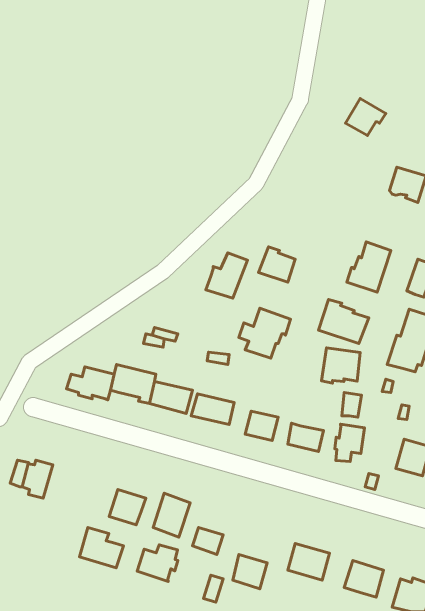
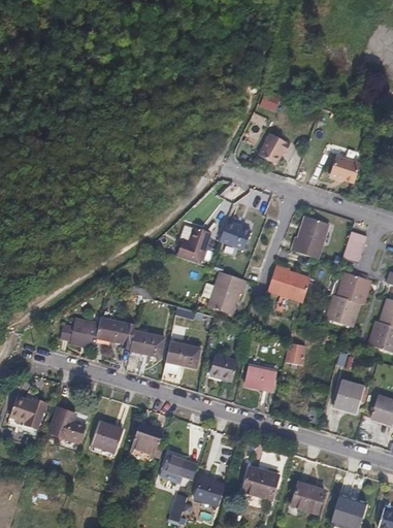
building: [345,99,386,135] -> [255,128,289,159]
building: [322,348,360,383] -> none
building: [335,424,364,461] -> none
building: [79,527,123,568] -> [51,407,88,441]
building: [137,545,178,581] -> none

